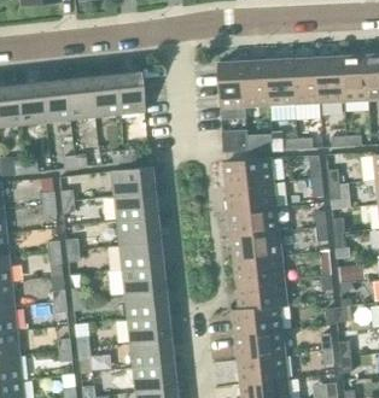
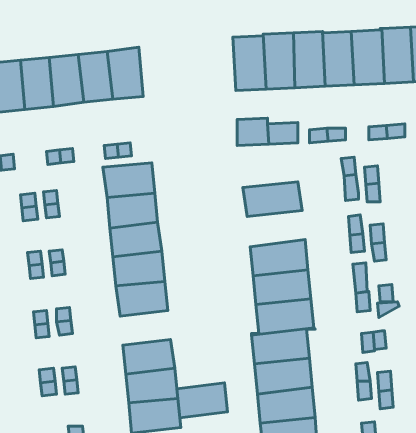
building: [225,158,273,188] -> none
building: [231,207,279,238] -> none
building: [124,291,167,320] -> [177,383,228,418]

